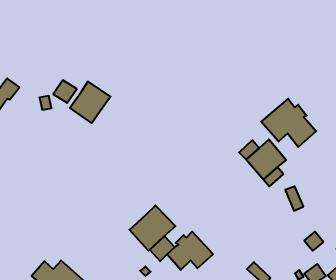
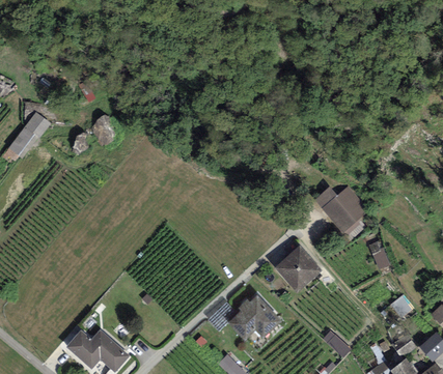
building: [70,81,111,123] -> none
building: [261,99,316,147] -> none
building: none -> [276,246,322,291]
building: [129,205,175,251] -> none

